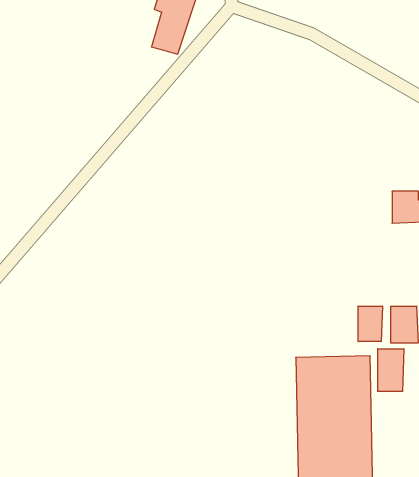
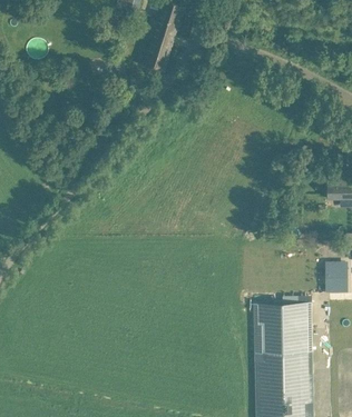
building: [358,306,382,342] -> none
building: [378,349,404,391] -> none

